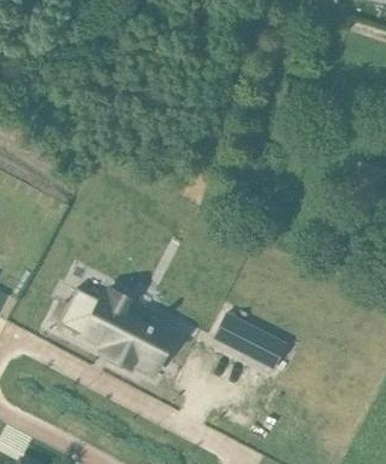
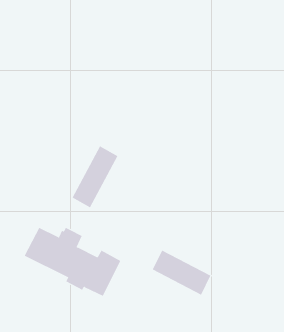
building: none -> [72,145,118,208]

